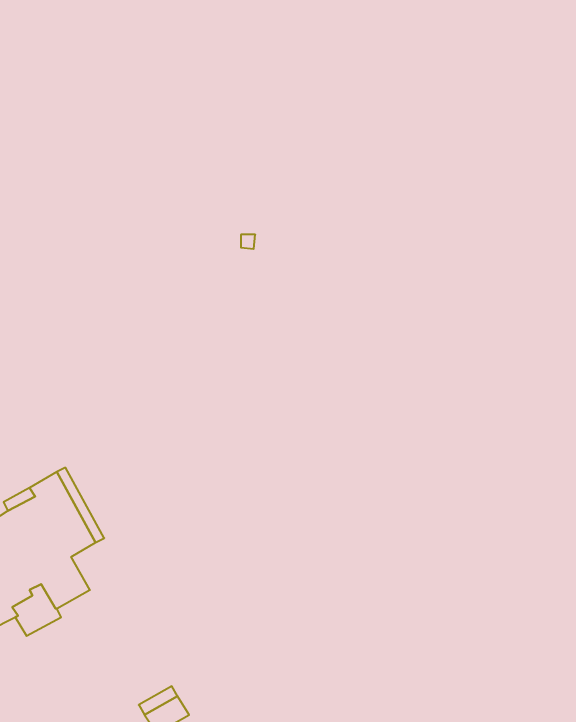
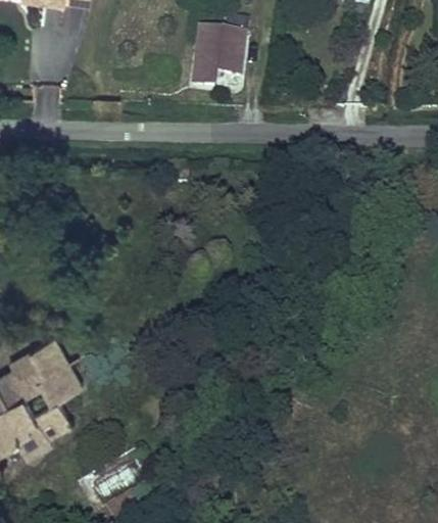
building: none -> [193,17,247,87]

